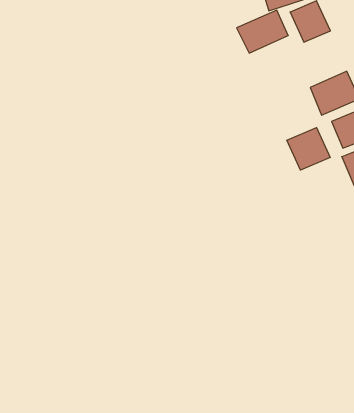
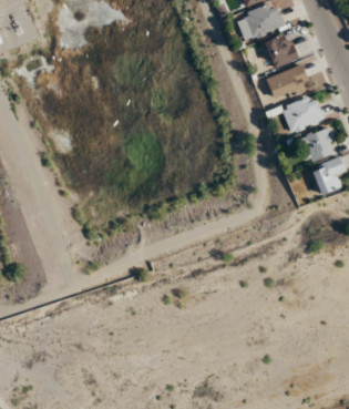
building: [237,10,288,53] -> [266,64,311,102]
building: [287,128,330,170] -> none

